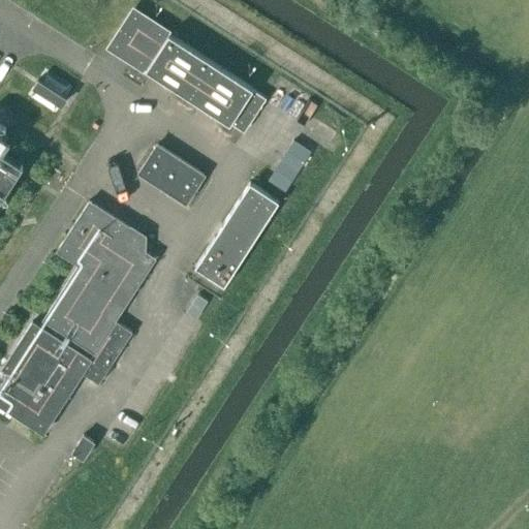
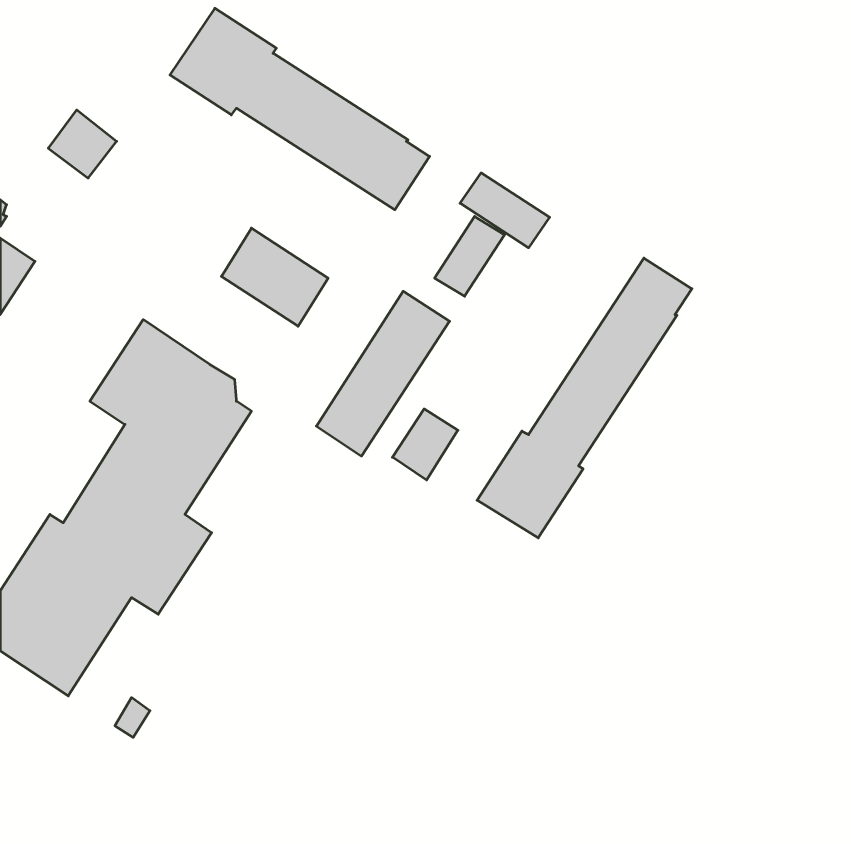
building: none -> [460,173,550,248]
building: none -> [477,258,692,538]
building: none -> [392,409,458,480]

